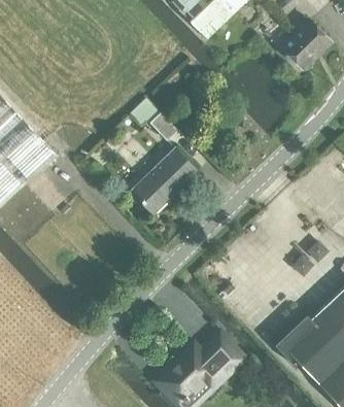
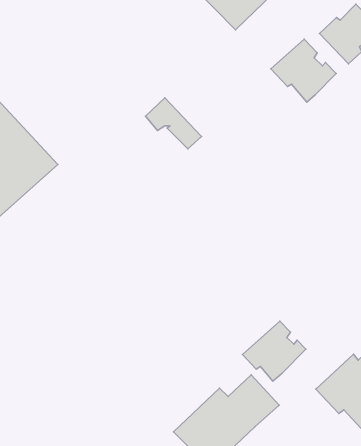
building: none -> [271,39,336,102]
building: [131,146,198,214] -> none
building: none -> [243,321,306,381]

